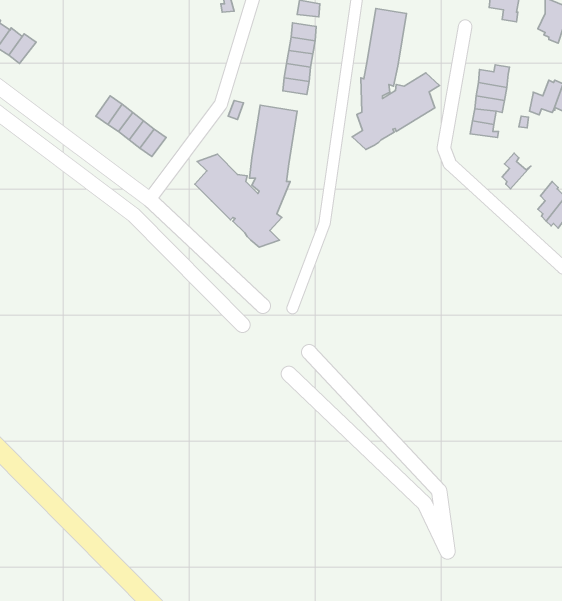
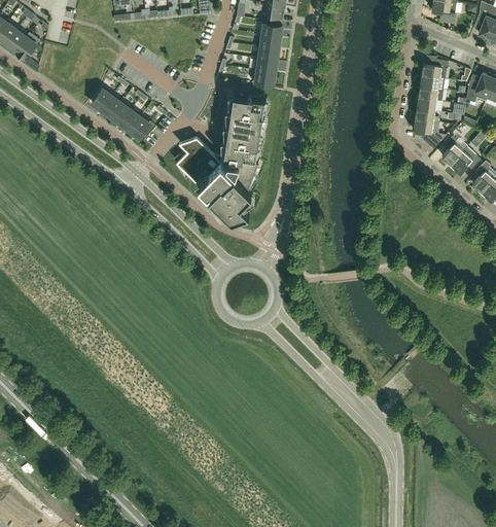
building: [352,8,440,149] -> none
building: none -> [414,120,440,150]
building: none -> [450,148,481,174]

